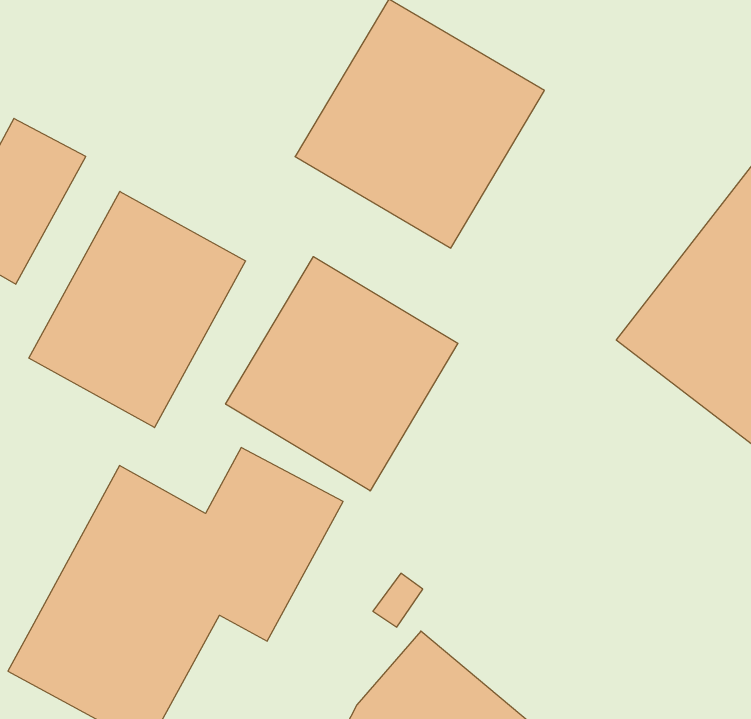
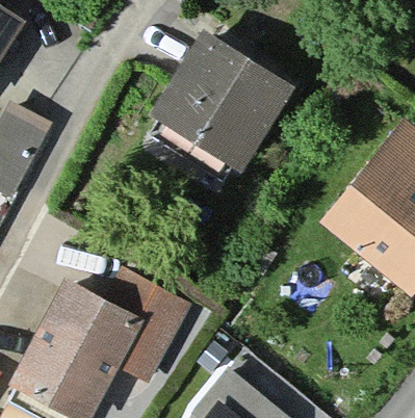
building: [29,191,246,428] -> none
building: [226,257,458,491] -> none

